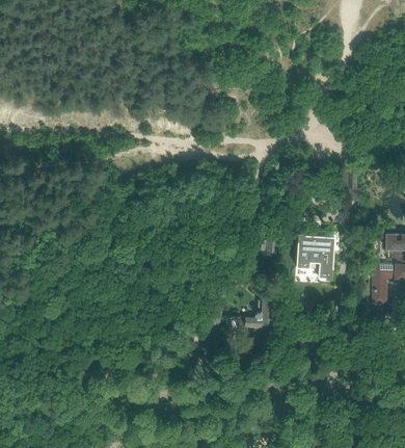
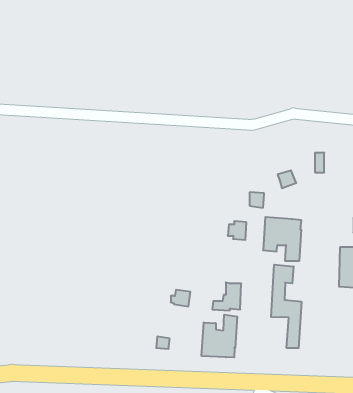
building: none -> [271,265,301,348]
building: none -> [202,315,237,357]

